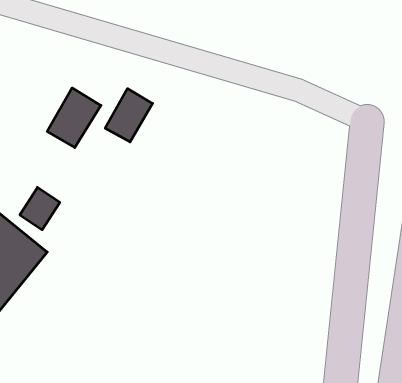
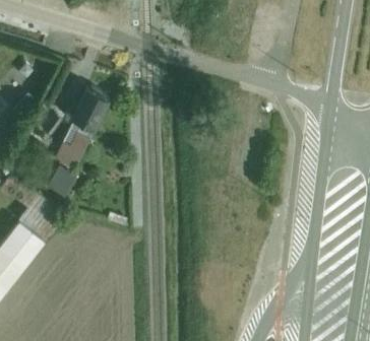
building: [105,89,153,142] -> [50,130,88,174]

